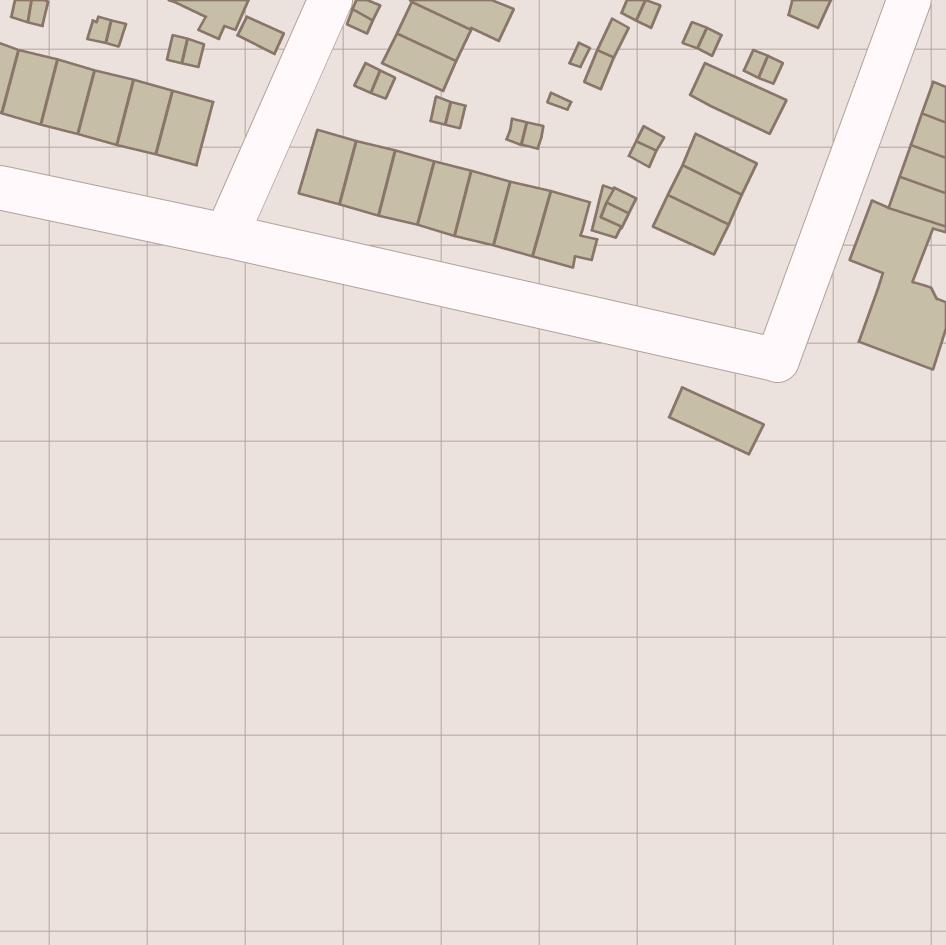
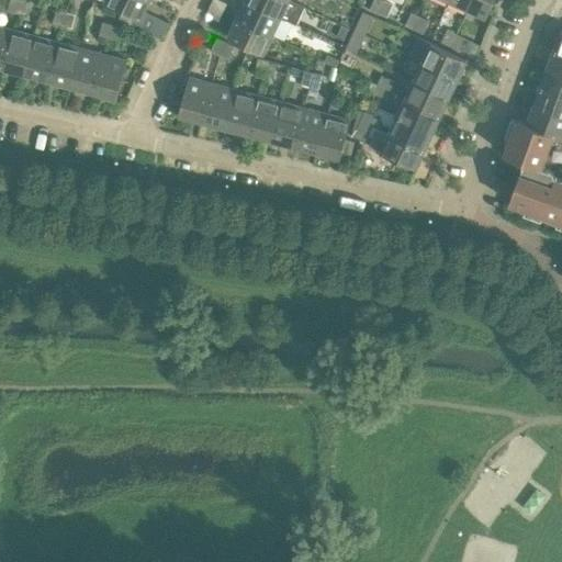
building: none -> [412,65,456,99]
building: [669,387,764,454] -> [367,131,423,170]

